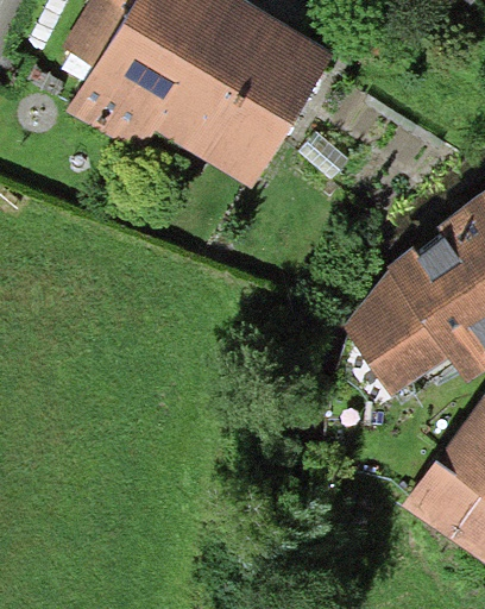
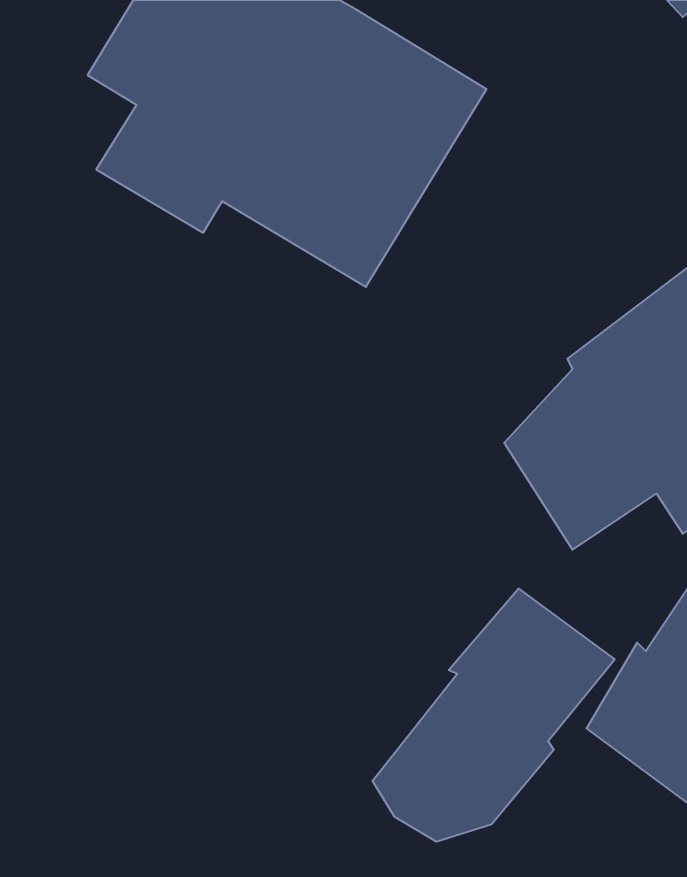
building: none -> [372,588,615,842]

